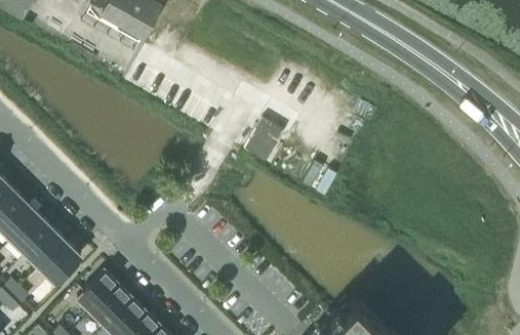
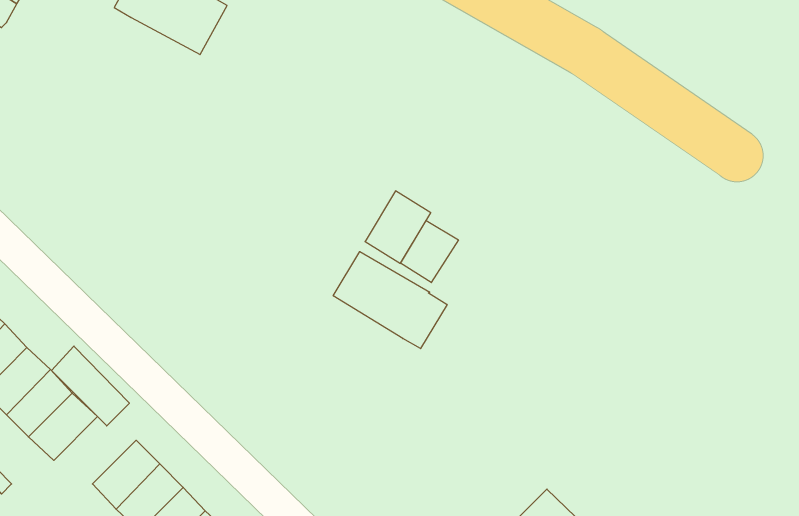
building: none -> [401,221,458,283]
building: none -> [333,252,447,349]
building: none -> [52,346,129,426]

